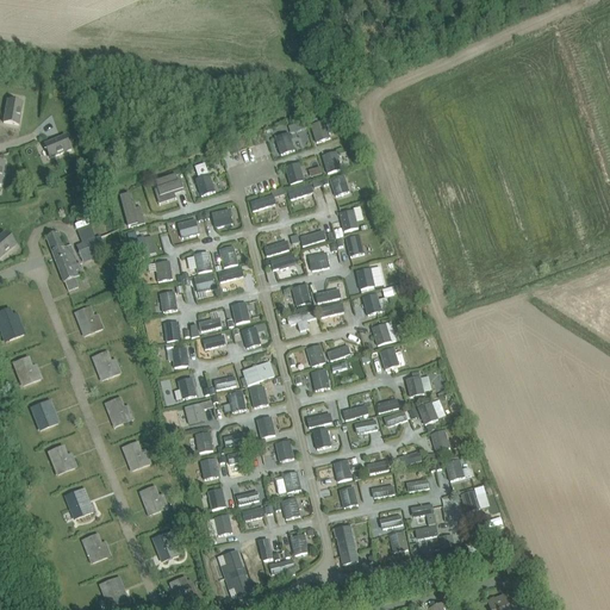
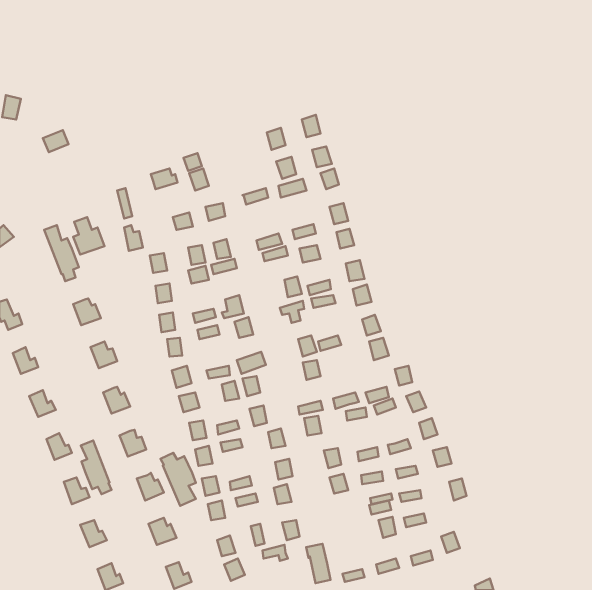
building: none -> [81,440,111,494]
building: none -> [161,453,196,506]
building: [332,523,357,564] -> [306,544,331,583]

